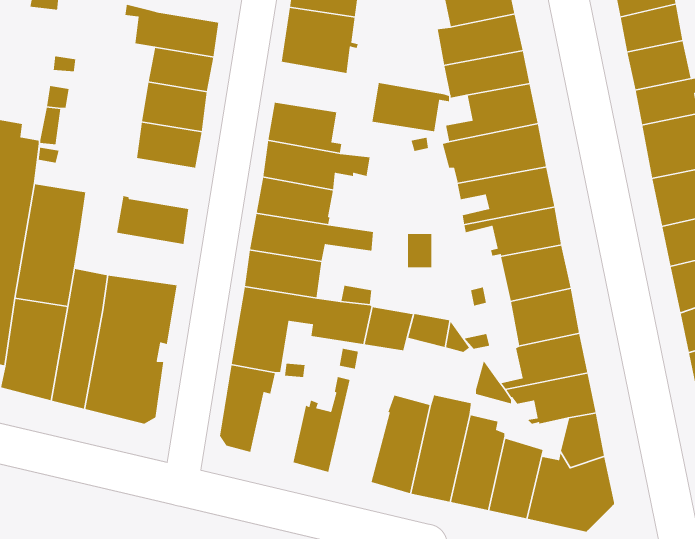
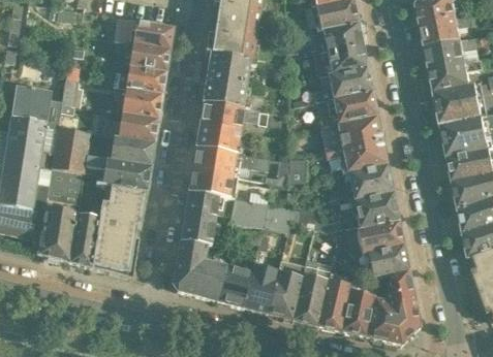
building: [372,82,450,132] -> [207,52,255,83]
building: none -> [117,111,158,142]
building: none -> [83,154,151,190]
building: none -> [241,249,278,313]
building: none -> [192,257,226,300]

